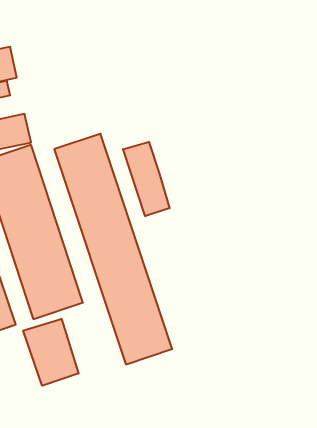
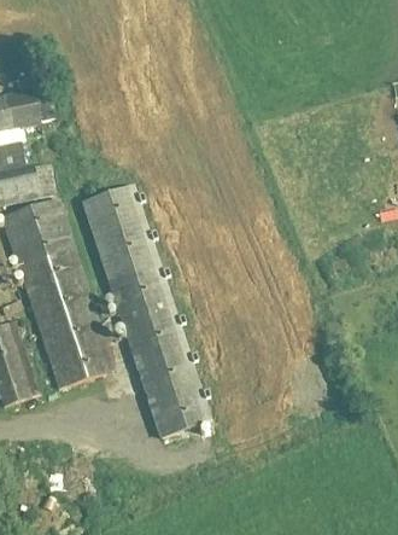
building: [123,142,170,216] -> none
building: [23,319,79,386] -> none

